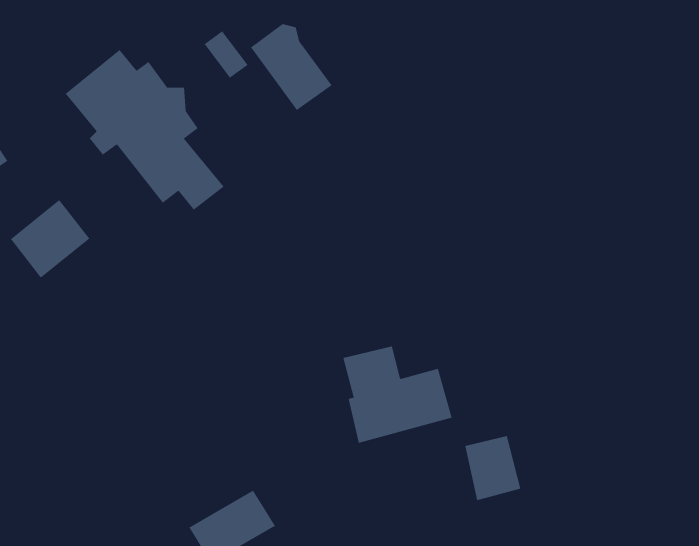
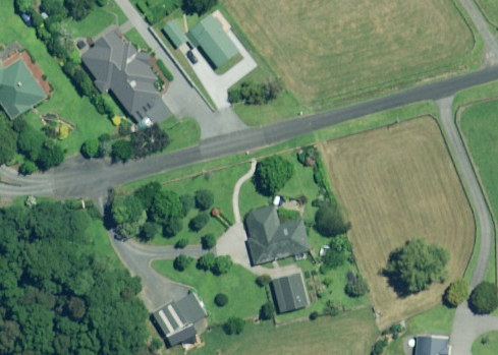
building: [10,199,90,279] -> none
building: [465,436,521,501] -> [273,274,307,312]

